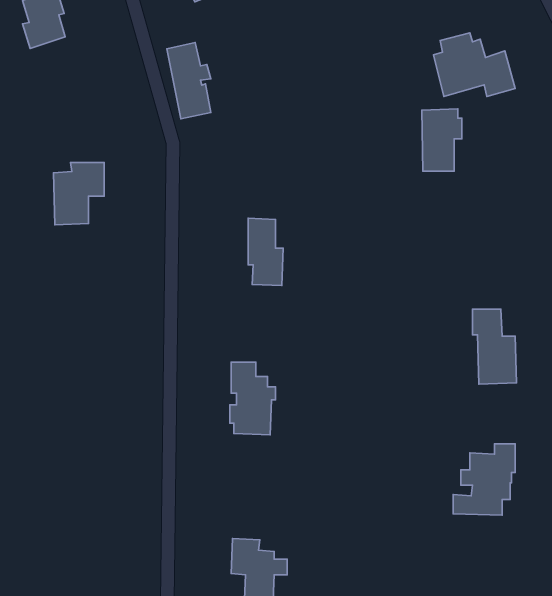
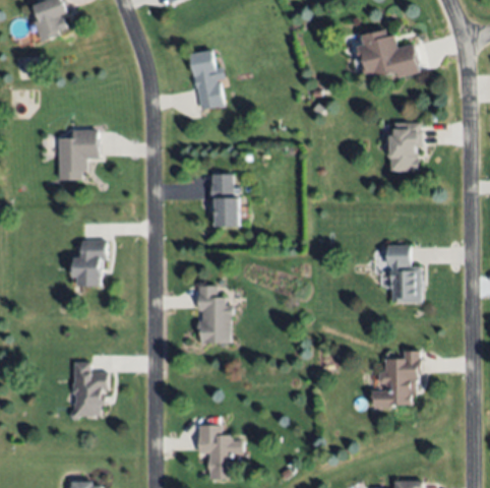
building: [167,43,211,119] -> [188,50,223,110]
building: [422,109,462,171] -> [390,122,422,171]
building: none -> [73,240,106,287]
building: none -> [73,362,108,415]

